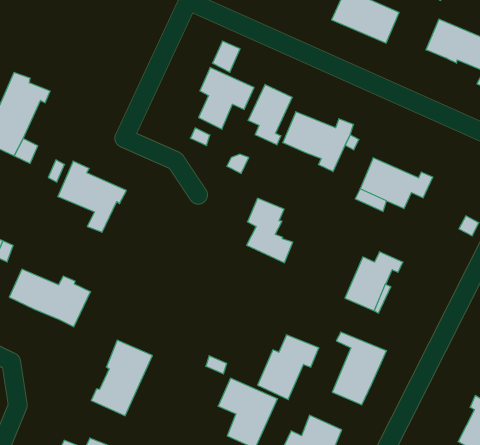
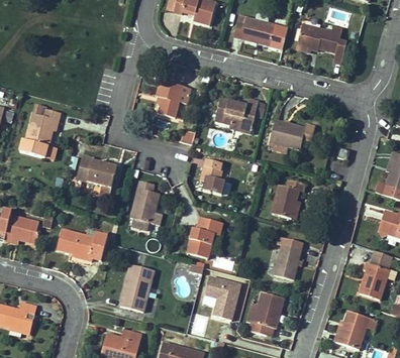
building: [248,84,292,145] -> none
building: none -> [130,181,163,230]
building: [258,335,319,400] -> [187,217,222,258]

